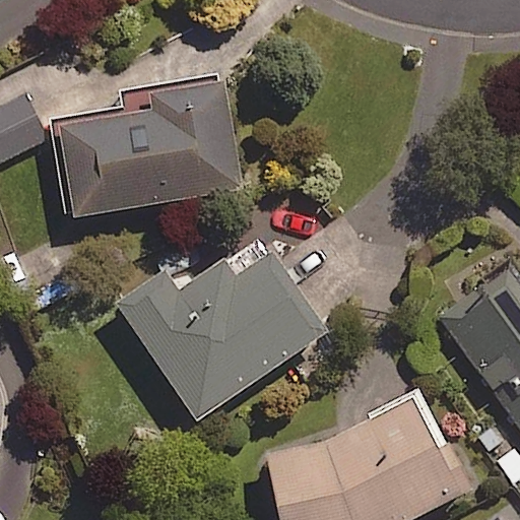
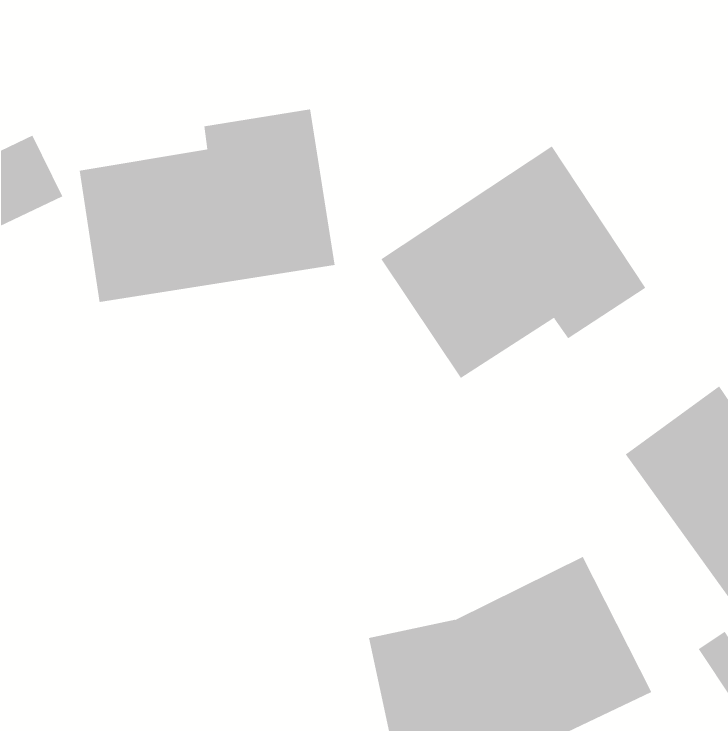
building: none -> [381,146,646,379]
building: [118,252,324,418] -> none

